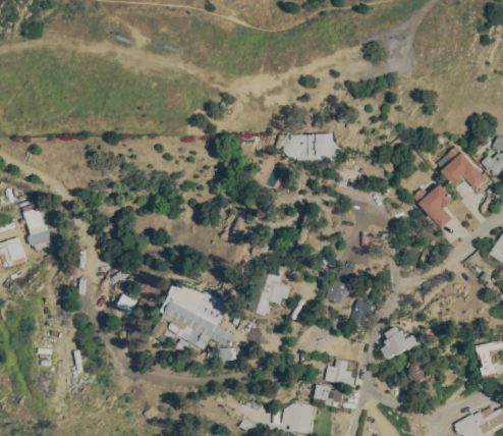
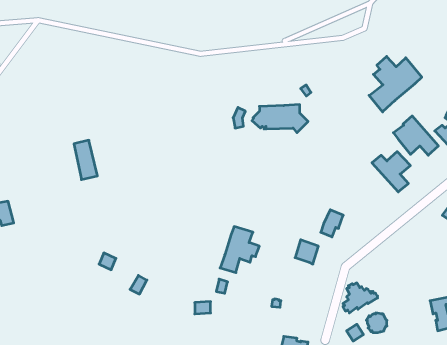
building: none -> [369,56,422,112]
building: [22,207,48,250] -> [74,140,97,180]
building: [162,283,231,348] -> none
building: [348,297,373,327] -> [321,210,343,237]
building: [325,359,353,384] -> none

